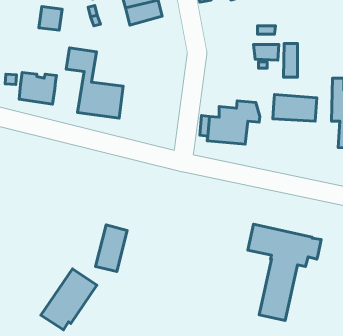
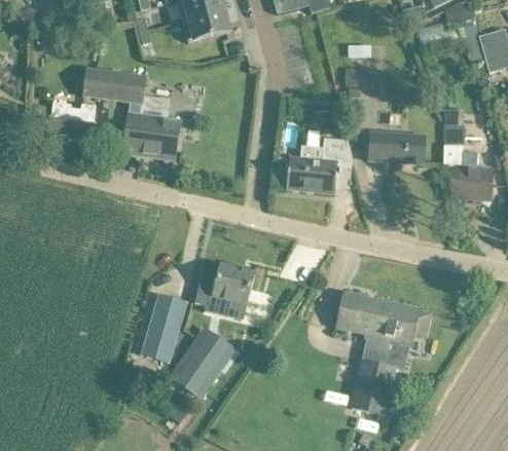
building: [39,7,62,30] -> [82,67,112,97]
building: [284,43,298,77] -> none
building: none -> [195,263,254,318]
building: [41,269,97,330] -> [164,328,234,405]

